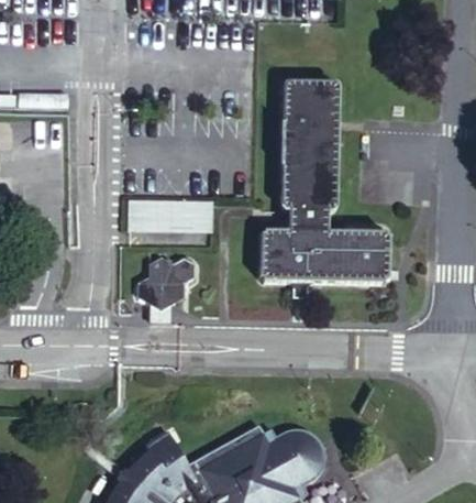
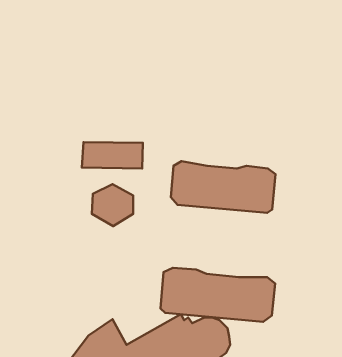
building: [284,78,343,233] -> none
building: none -> [160,268,275,322]

